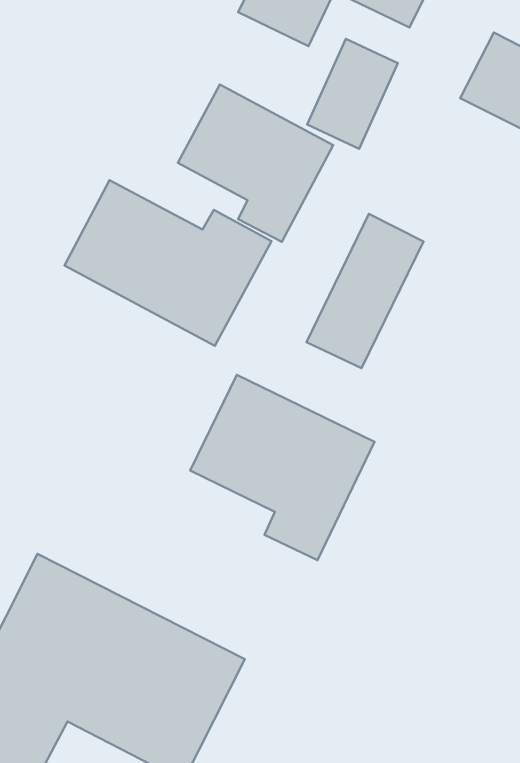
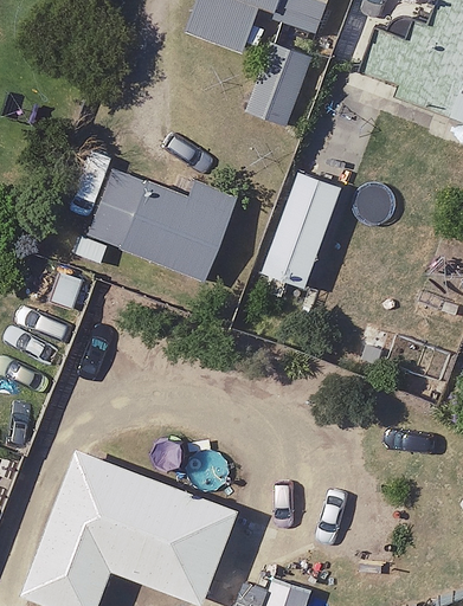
building: [178,85,333,242] -> none
building: [190,375,374,560] -> none

